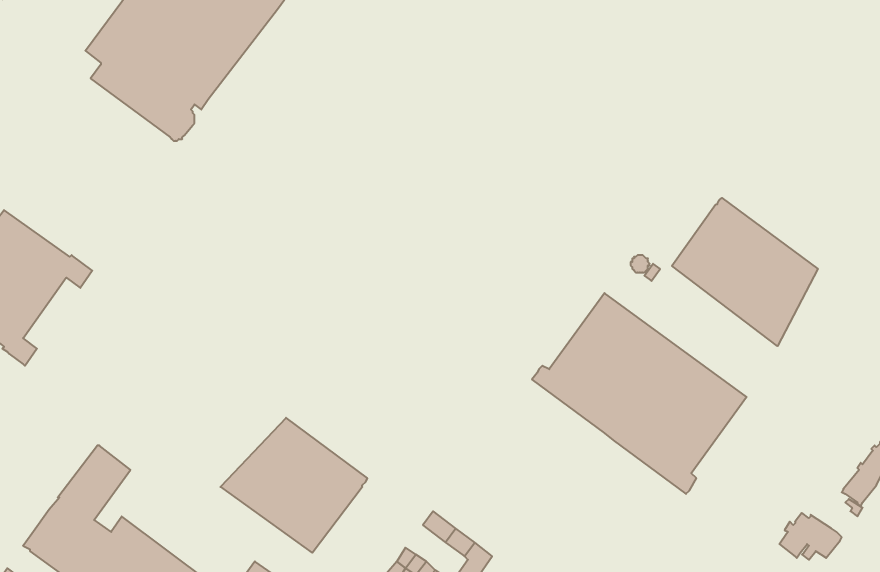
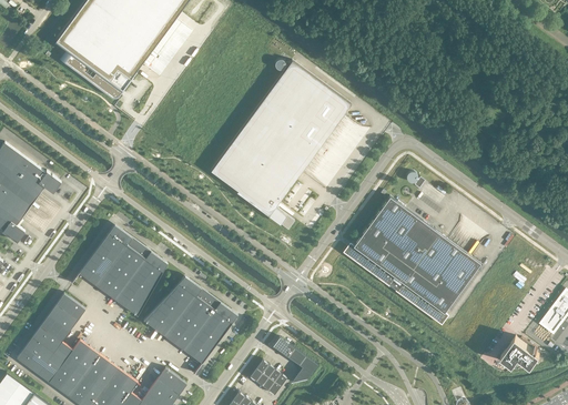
building: none -> [210,61,349,230]
building: [672,198,818,346] -> none
building: none -> [78,224,166,316]

